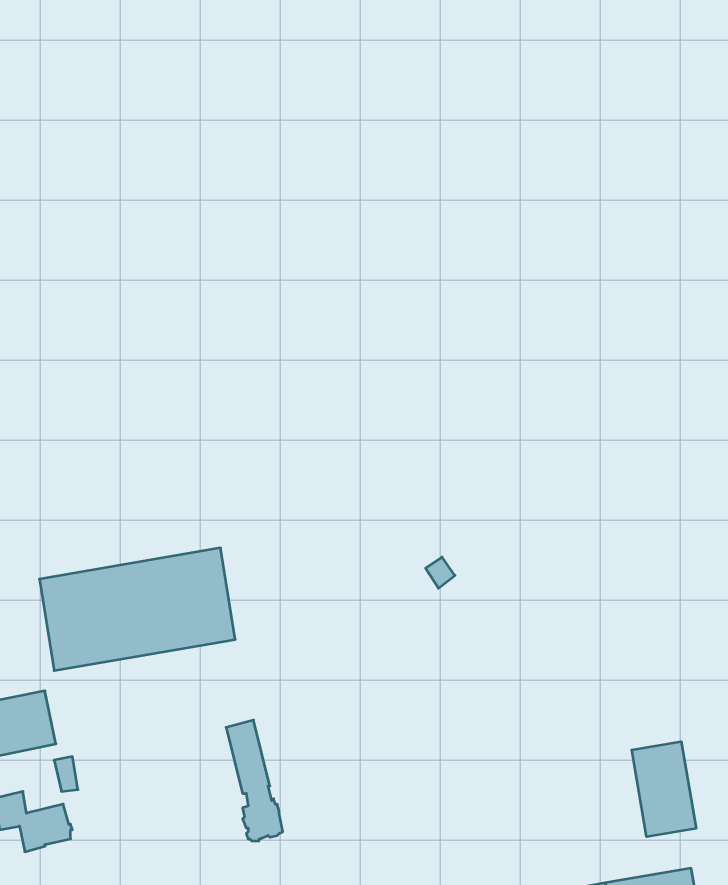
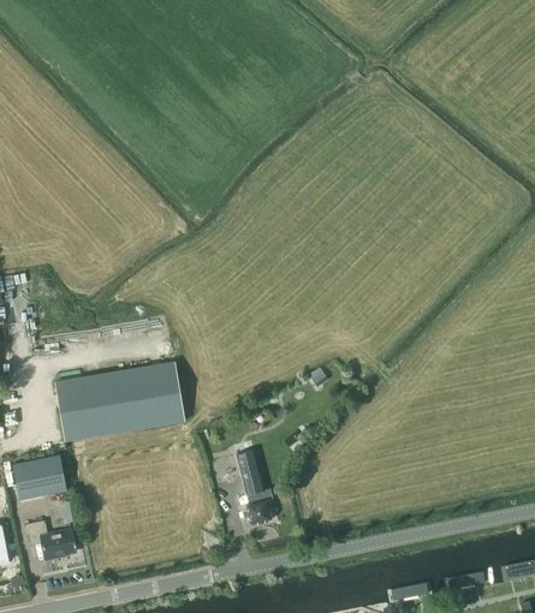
building: [226,720,283,841] -> [234,447,272,526]
building: [632,742,696,837] -> none

